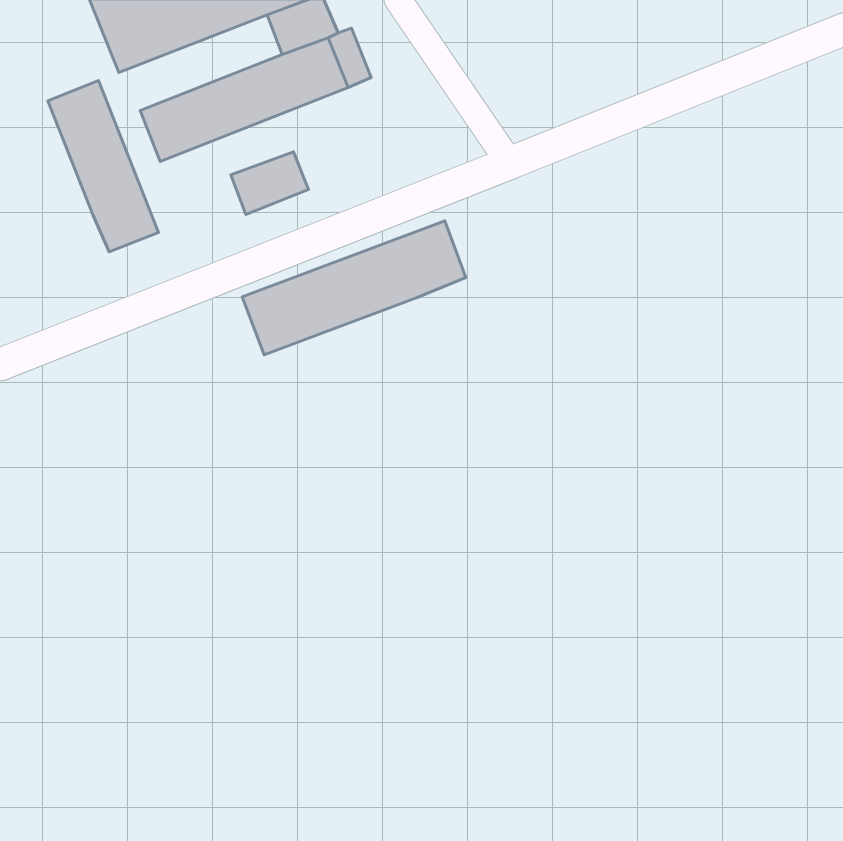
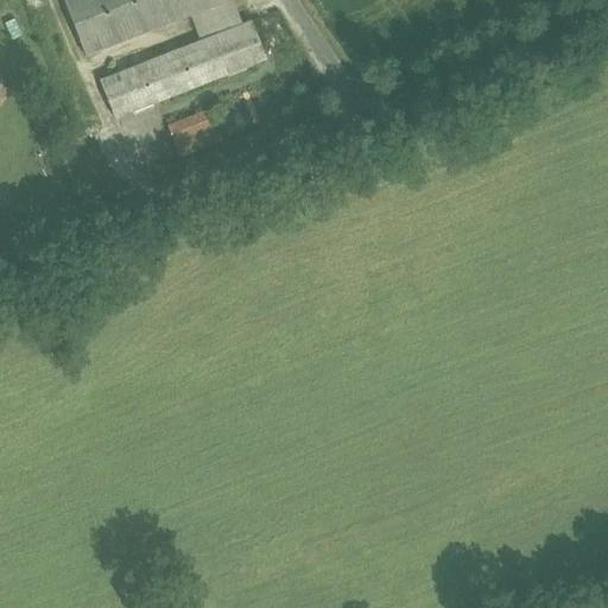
building: [48,80,159,252] -> none
building: [242,221,466,355] -> none

